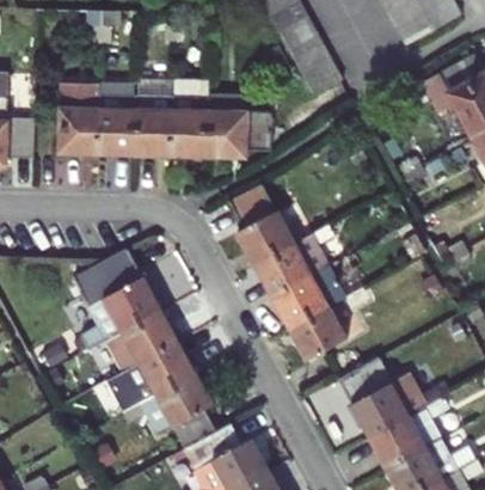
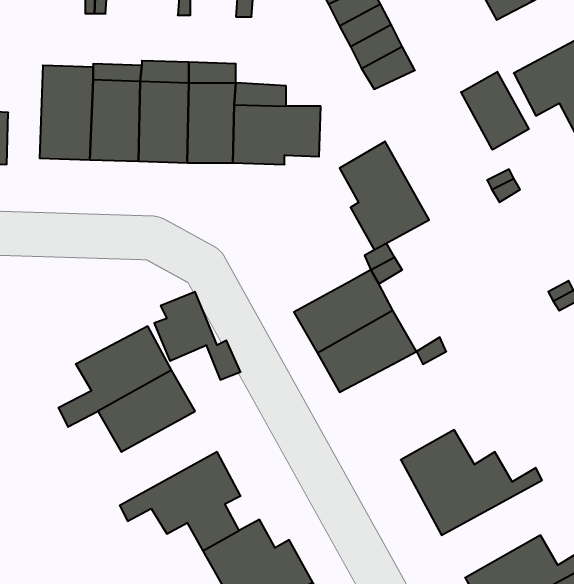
building: none -> [461,72,529,150]
building: [227,185,295,268] -> [340,141,429,250]
building: [73,251,142,307] -> none
building: [288,307,346,362] -> none
building: [115,343,195,415] -> none
building: [366,396,448,470] -> none

